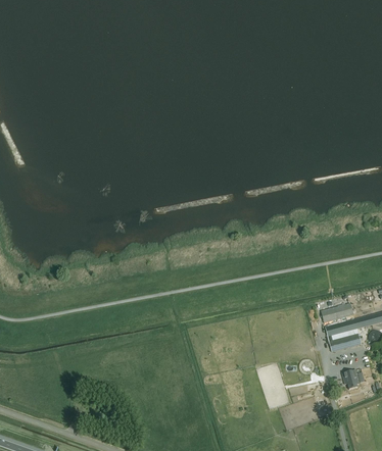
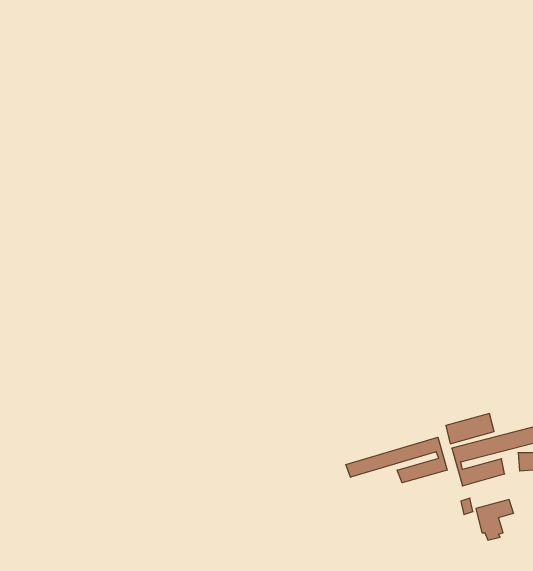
building: none -> [346,437,447,483]

